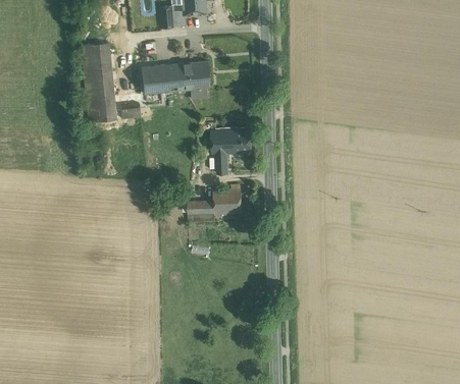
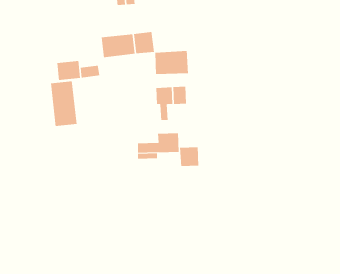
building: [81,42,115,100] -> [50,81,77,127]
building: none -> [155,50,188,75]
building: none -> [179,146,199,167]

